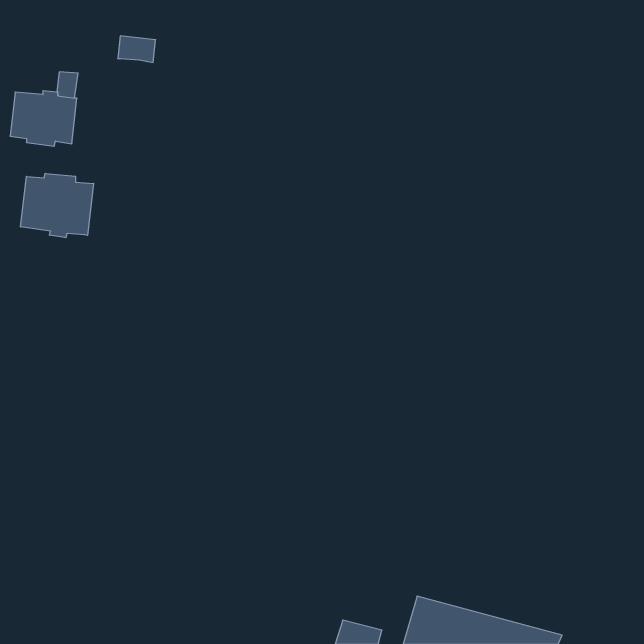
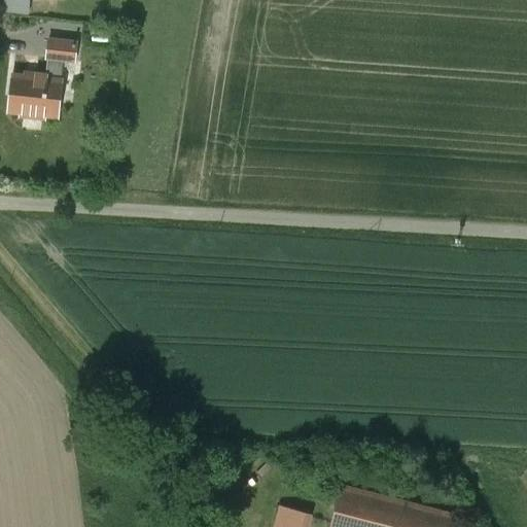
building: [118,36,156,62] -> [46,40,77,62]
building: [21,173,94,238] -> none

